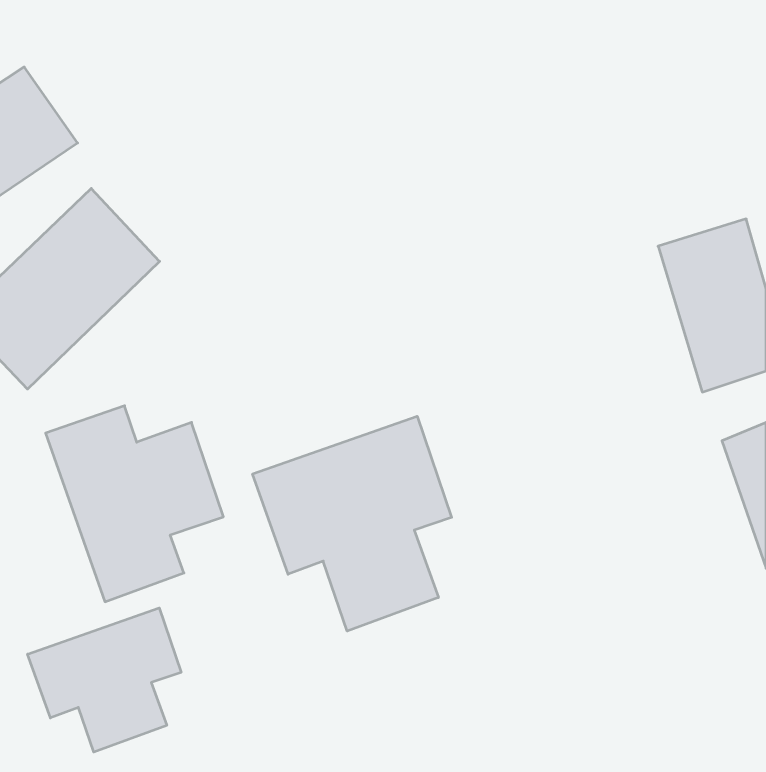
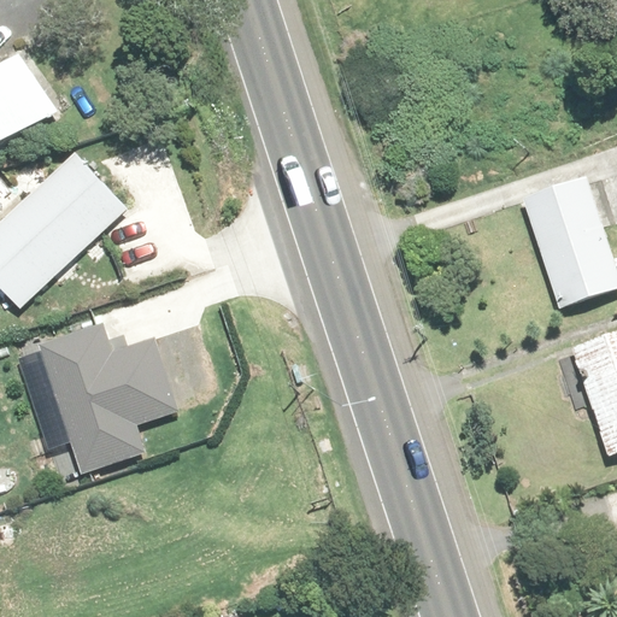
building: [253,416,452,631] -> none
building: [28,608,181,752] -> none

